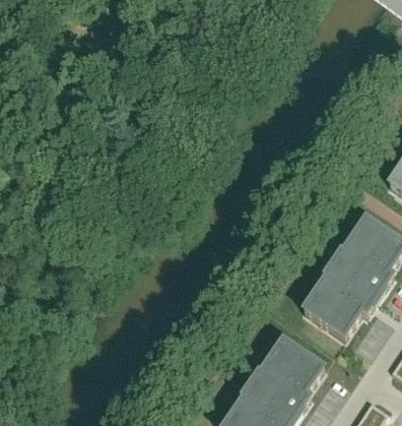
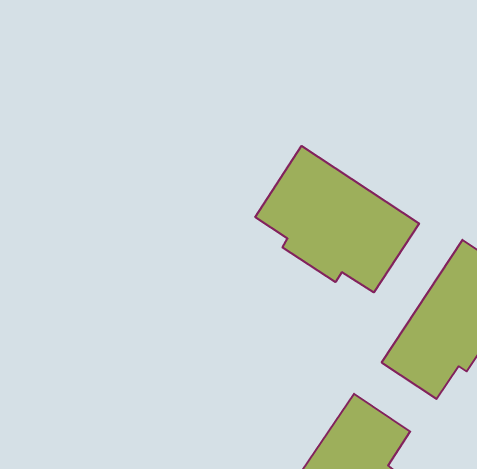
building: none -> [255,146,419,292]

